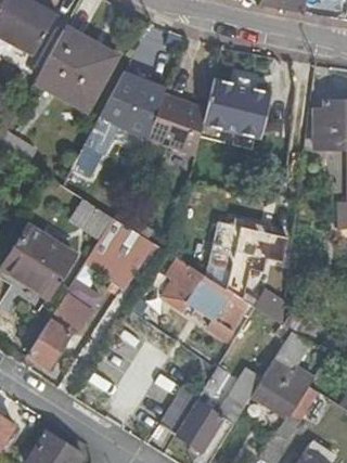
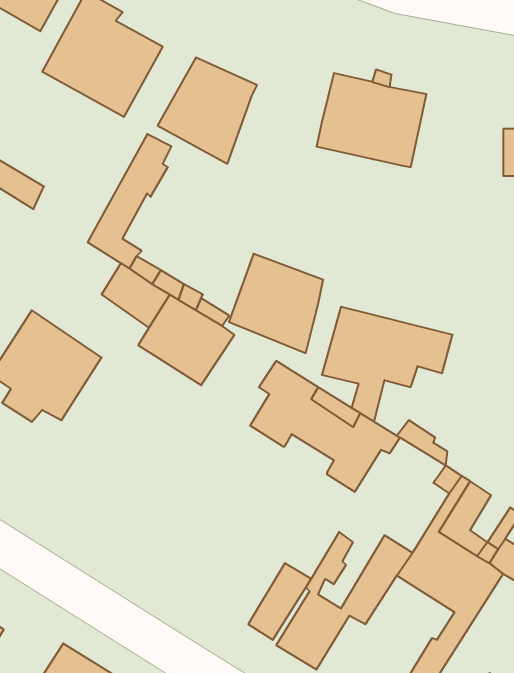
building: [147,94,206,156] -> [229,254,323,353]
building: [28,294,93,369] -> none

